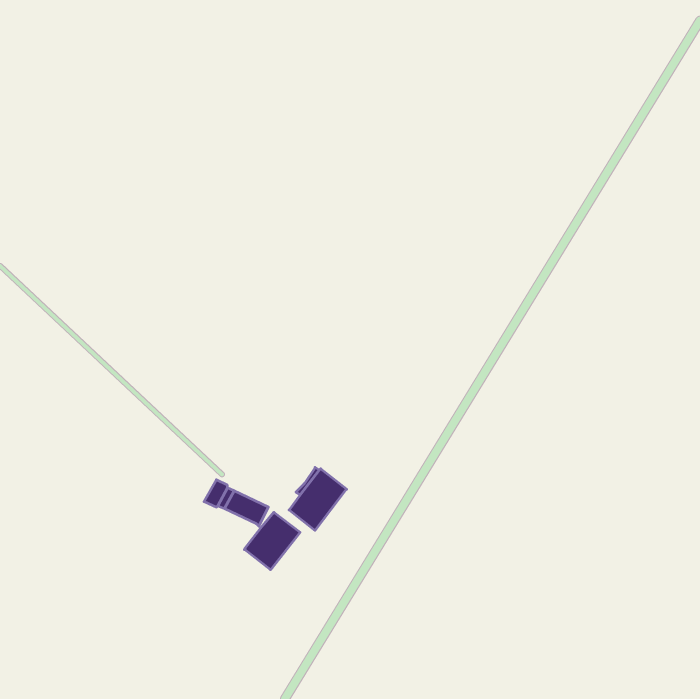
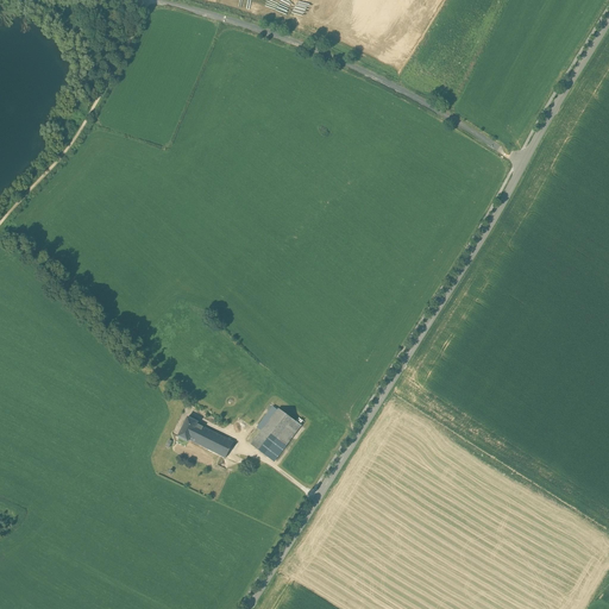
building: [244,512,300,570] -> none

